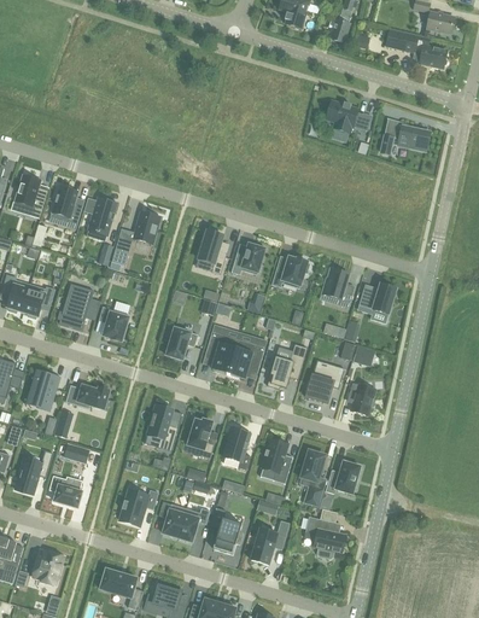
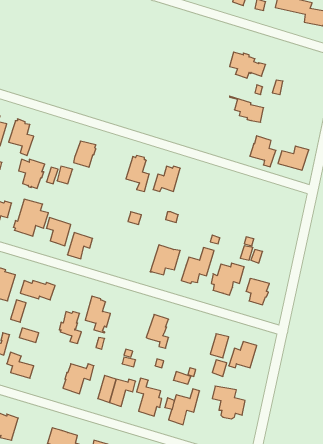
building: [386,117,428,150] -> [230,96,264,122]
building: [83,197,116,233] -> [19,159,45,188]
building: [270,256,309,288] -> none
building: [321,268,354,307] -> [250,136,276,167]
building: [357,284,396,314] -> [278,146,309,170]
building: [165,327,197,360] -> [67,233,93,259]
building: [204,332,238,374] -> none
building: [186,419,214,459] -> [59,312,81,343]
building: [261,439,291,483] -> none

